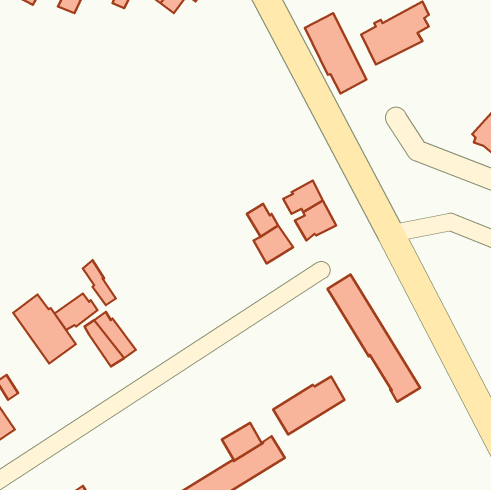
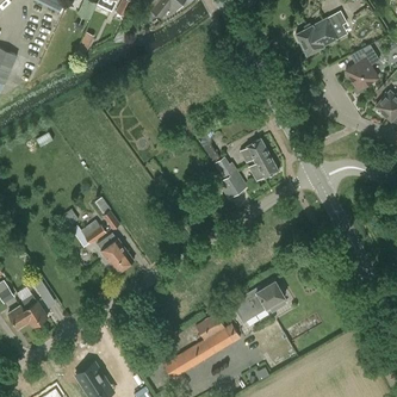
building: [305,13,366,94] -> none
building: none -> [346,44,380,91]
building: [327,275,420,402] -> none
building: [13,294,76,364] -> none

